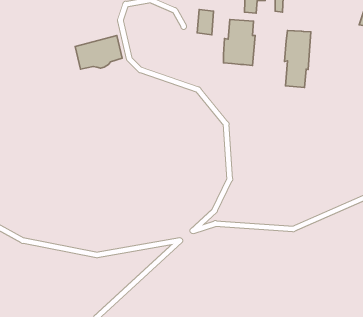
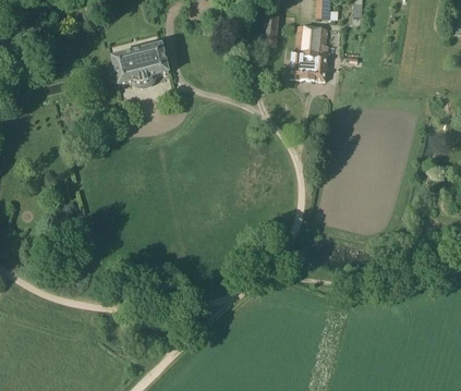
building: [284,31,311,87] -> none

